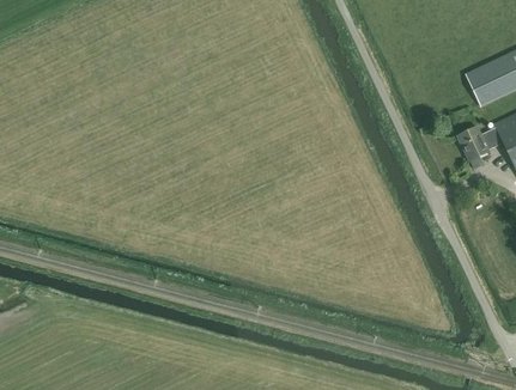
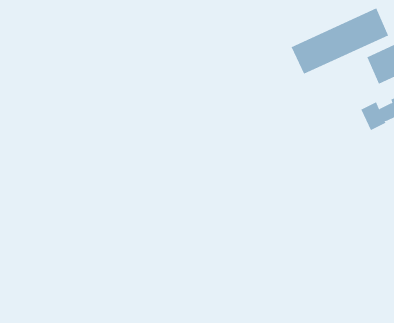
building: none -> [291,7,389,74]

